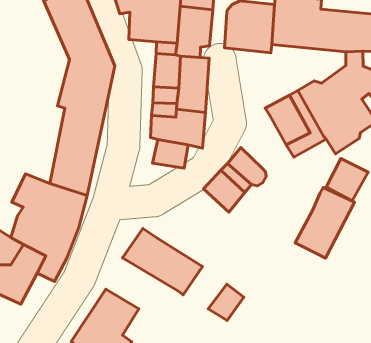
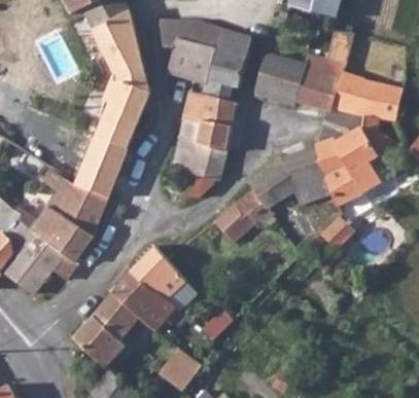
building: none -> [249,162,293,210]
building: [295,188,355,258] -> none
building: none -> [107,269,174,331]

